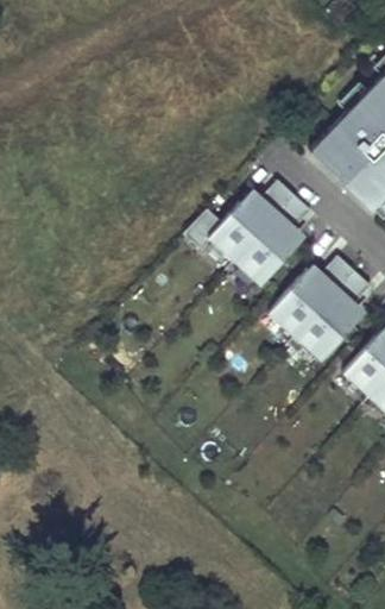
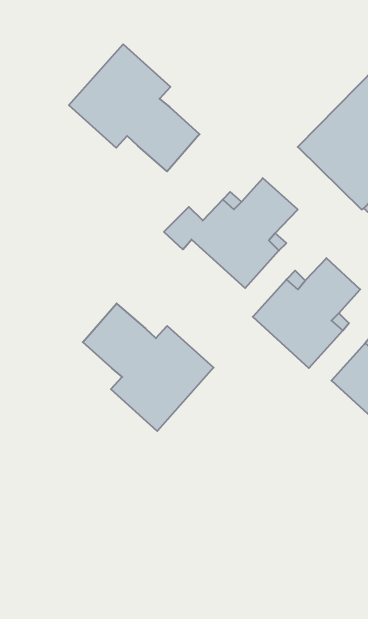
building: none -> [69,44,200,171]
building: none -> [83,303,214,431]

